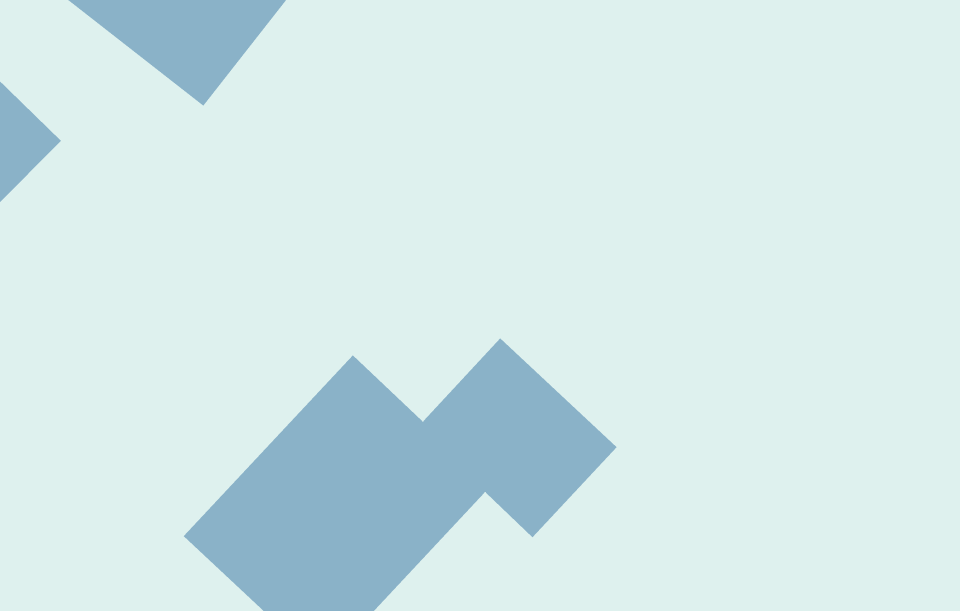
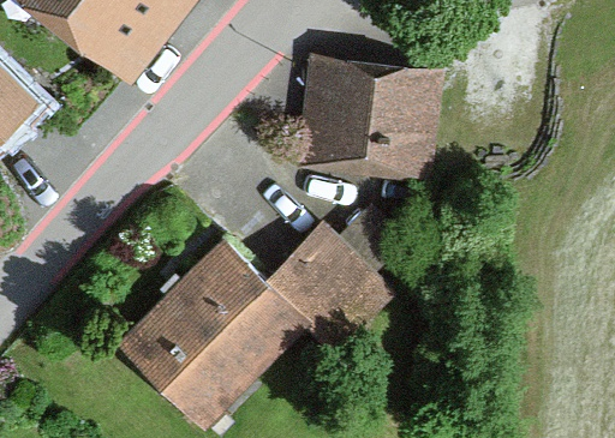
building: none -> [297,59,441,188]

